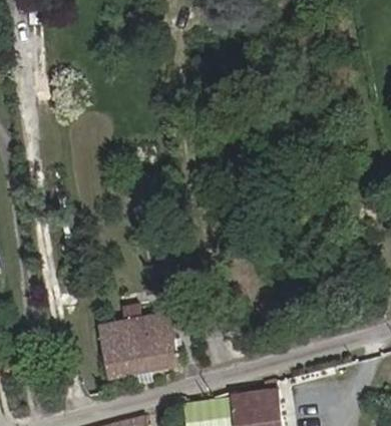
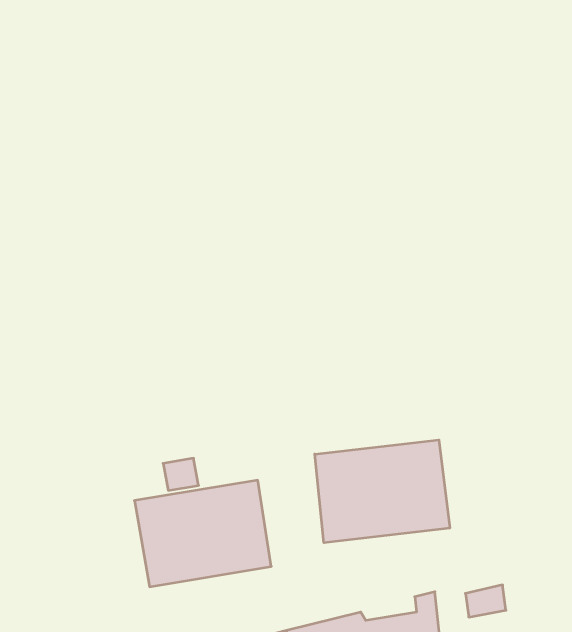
building: none -> [315,440,450,543]

